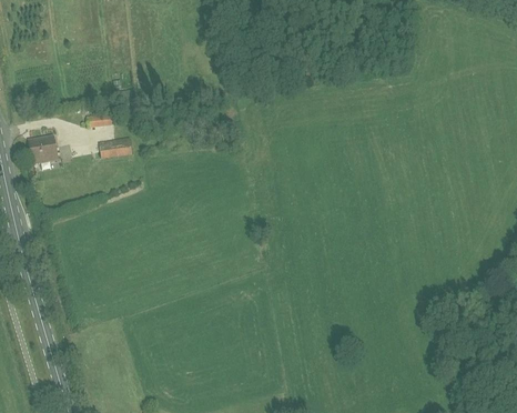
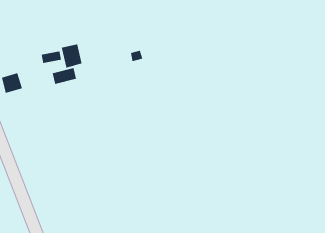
building: none -> [61,44,82,68]

